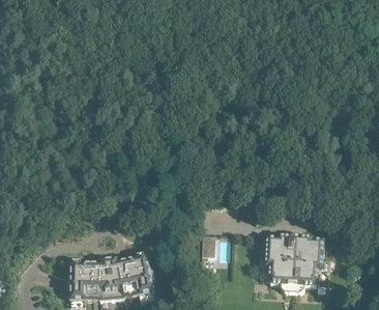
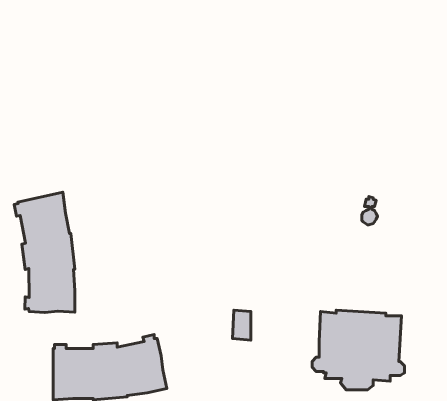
building: none -> [14,192,75,313]

